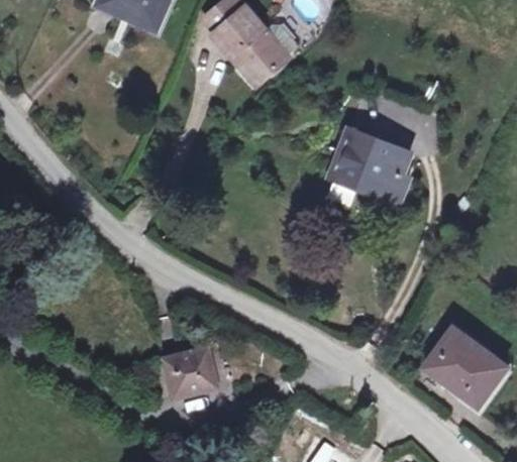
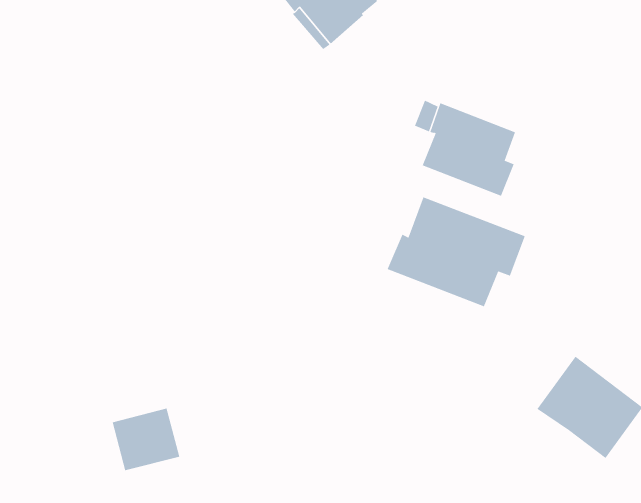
building: none -> [387,196,525,307]
building: [162,351,215,400] -> [112,408,180,471]

